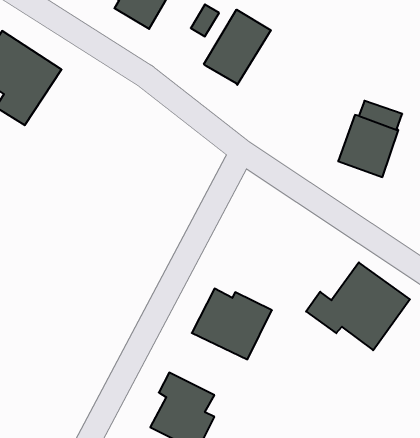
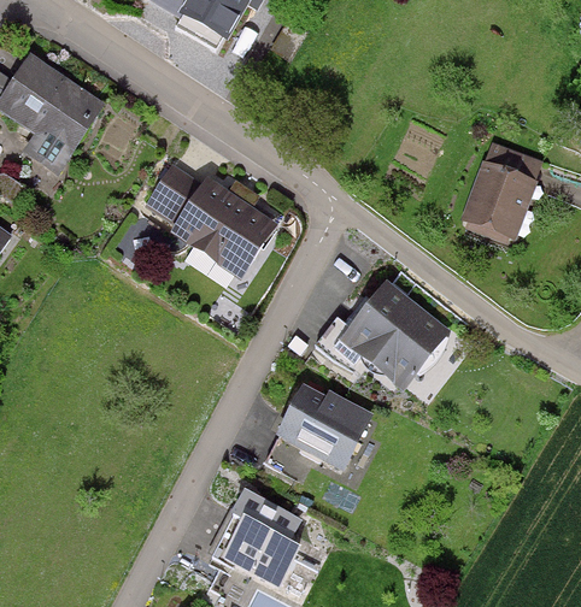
building: [204,10,271,85] -> none
building: none -> [143,163,278,281]
building: [306,262,410,350] -> [318,282,451,394]

